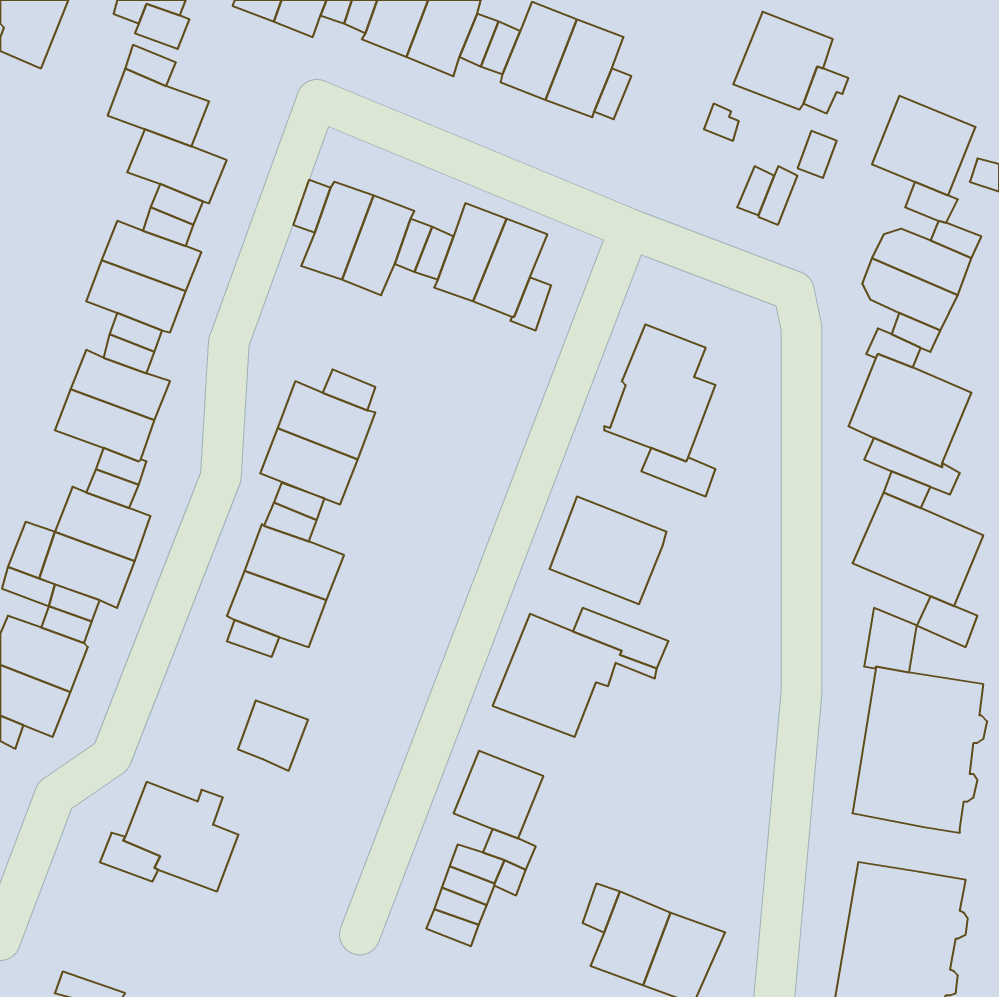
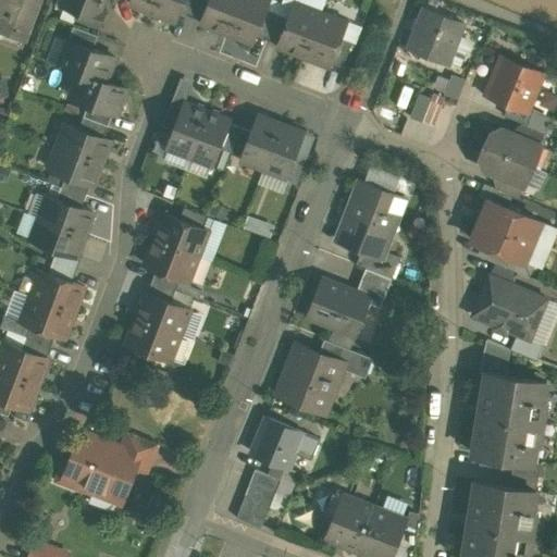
building: none -> [357,269,391,309]
building: [238,700,308,771] -> [119,433,158,472]
building: none -> [511,461,542,491]

